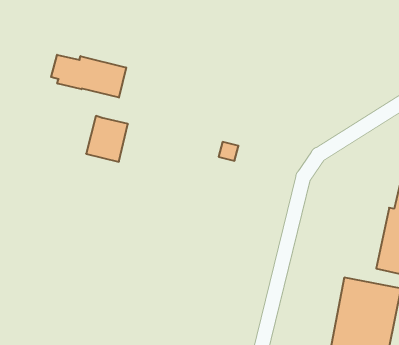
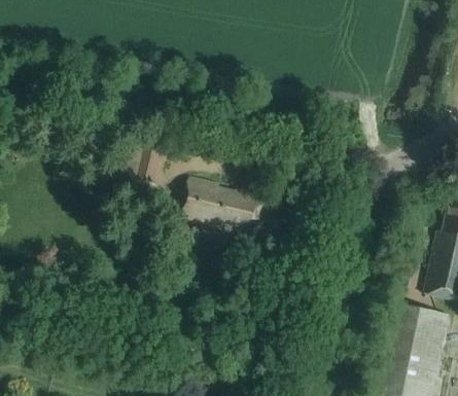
building: [51,55,126,98] -> none
building: none -> [179,178,280,236]

